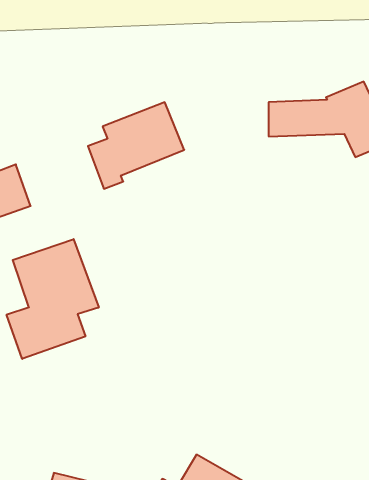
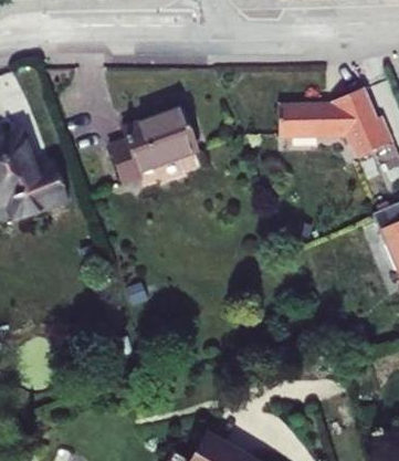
building: [7,239,99,359] -> none

